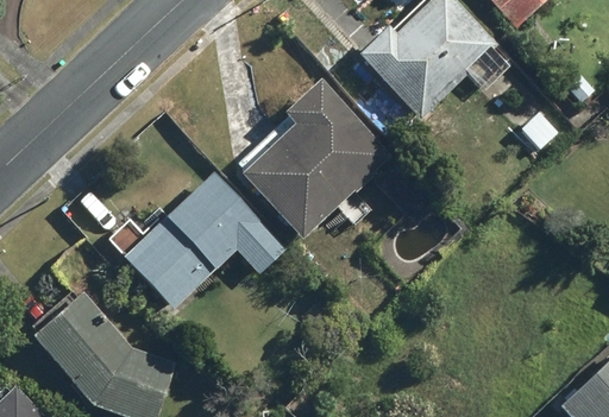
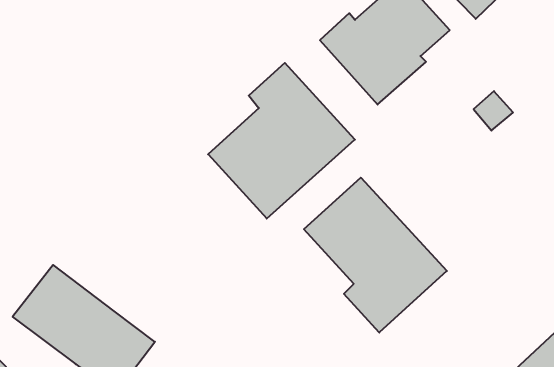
building: [124,170,287,309] -> none
building: none -> [304,178,447,333]

